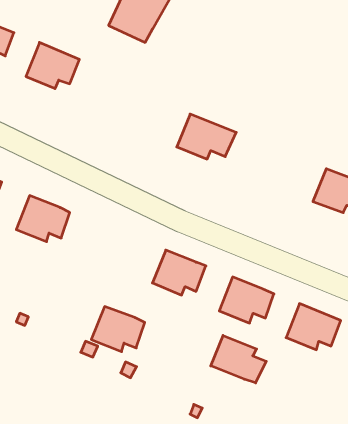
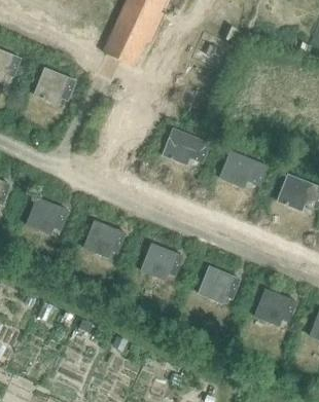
building: none -> [217,149,267,187]
building: [91,307,145,352] -> [81,219,127,257]
building: [211,335,266,383] -> none

